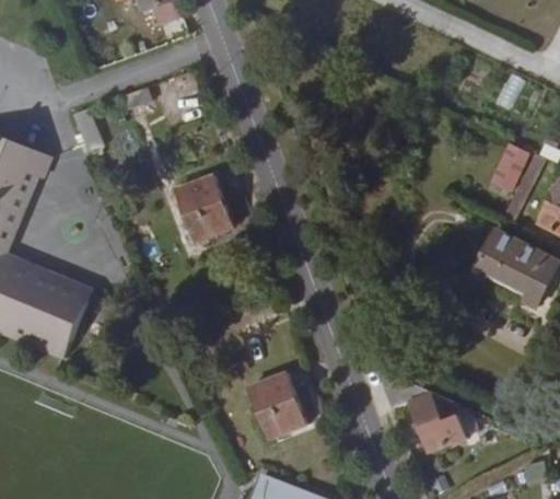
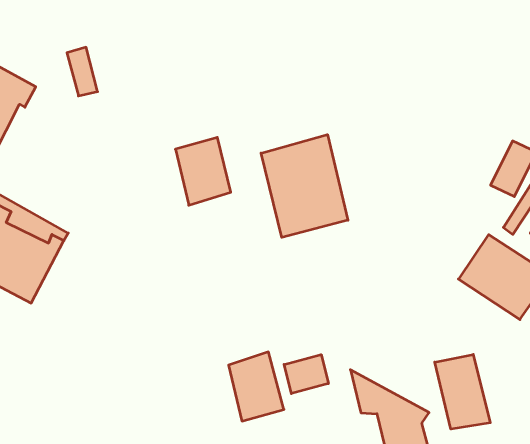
building: none -> [261,135,348,237]
building: none -> [435,354,490,429]
building: none -> [284,355,328,394]

